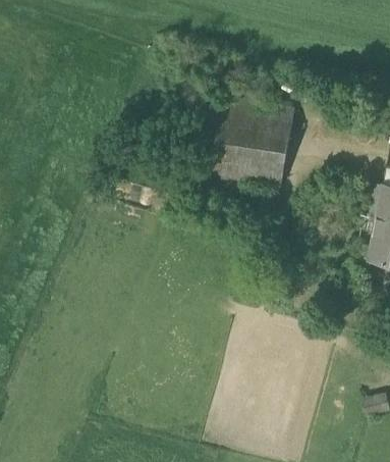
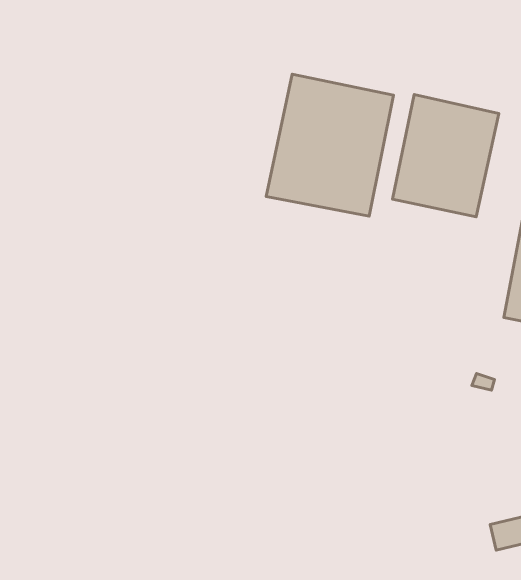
building: none -> [392,94,499,217]

